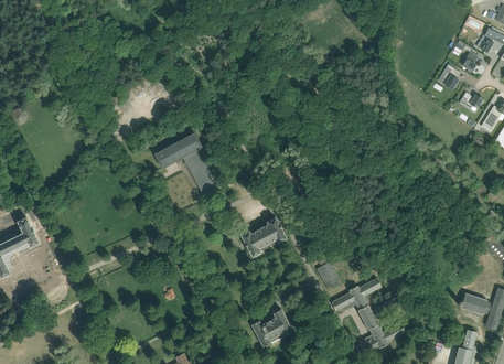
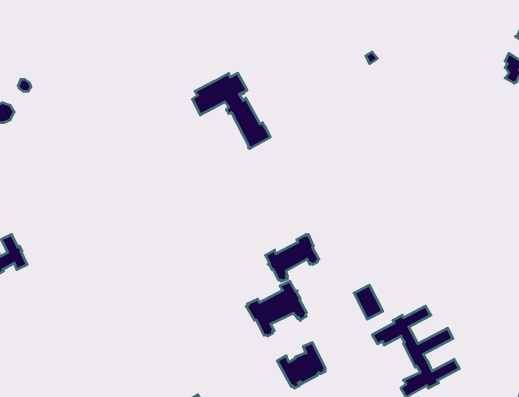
building: [154,132,221,196] -> [192,73,270,149]
building: none -> [246,281,307,336]

